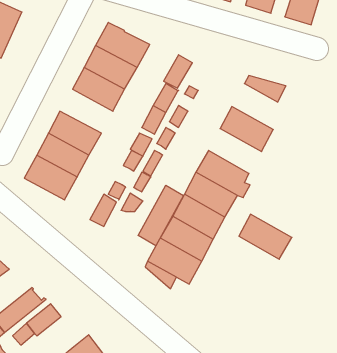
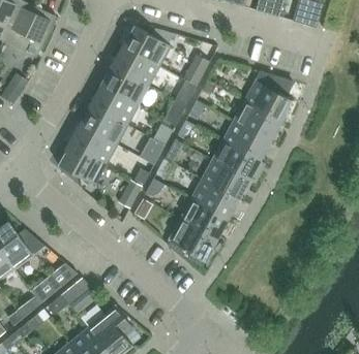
building: none -> [244,81,293,122]
building: none -> [90,86,138,125]
building: [138,185,184,246] -> none
building: [239,214,292,259] -> [223,121,271,161]

